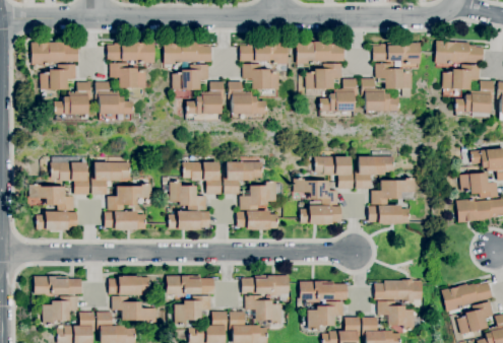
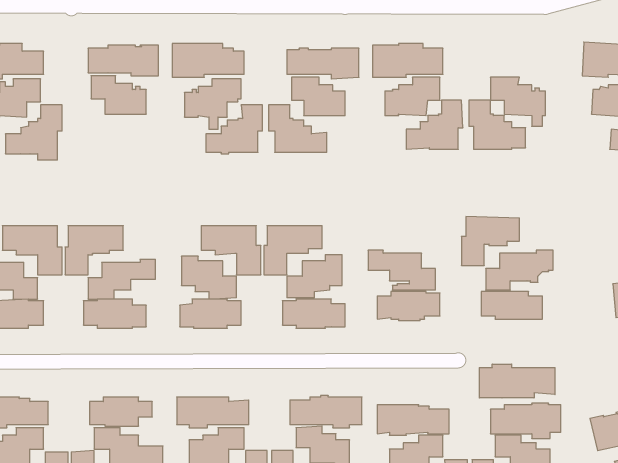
building: [373,43,421,64] -> none
building: [96,82,133,115] -> none
building: [315,156,354,189] -> none
building: none -> [479,364,555,398]

